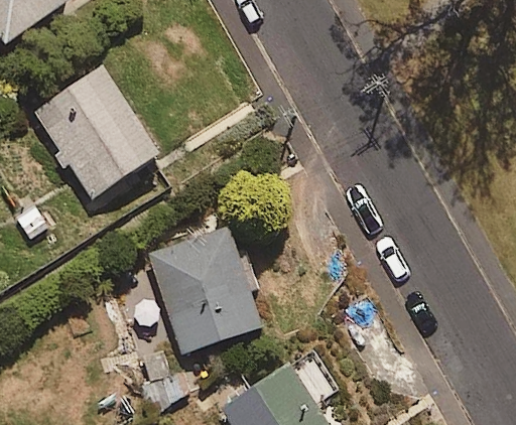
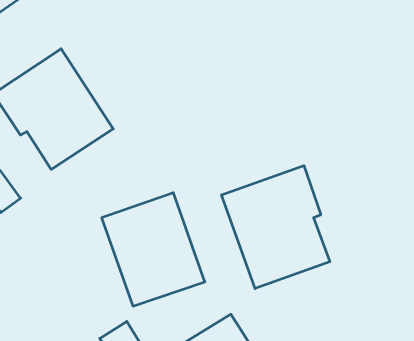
building: none -> [222,166,330,289]

